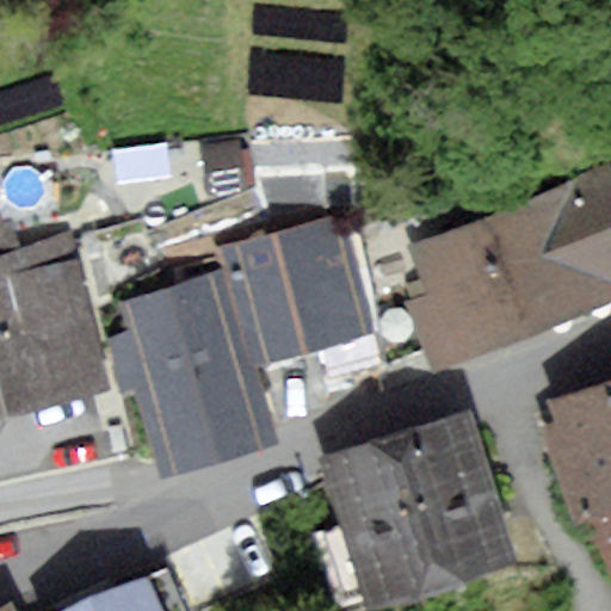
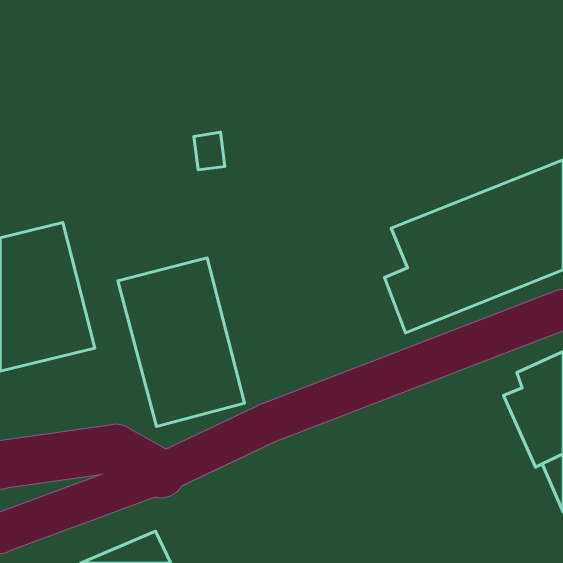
building: [237,242,362,354] -> none
building: [332,421,507,591] -> none

